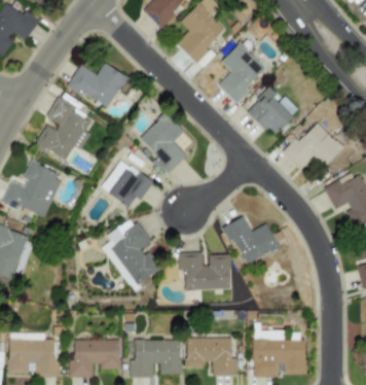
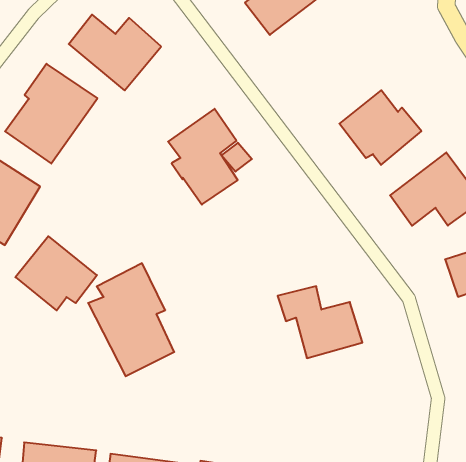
building: [219,42,267,101] -> none
building: [102,160,153,206] -> [15,236,97,310]
building: [179,251,231,290] -> none

